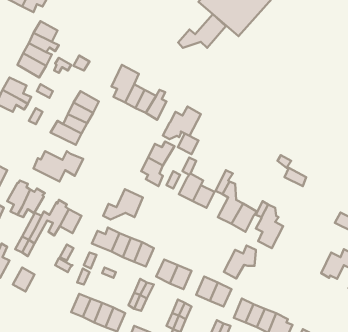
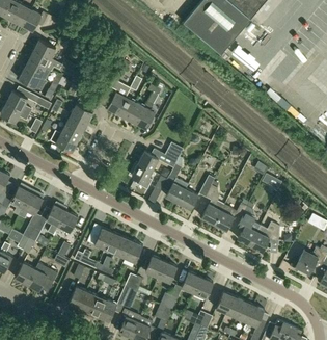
building: [178,14,226,48] -> none
building: [163,107,201,139] -> none
building: [33,151,83,182] -> none
building: [103,189,143,220] -> none
building: [224,245,256,279] -> [250,221,279,252]
building: none -> [27,263,58,292]

